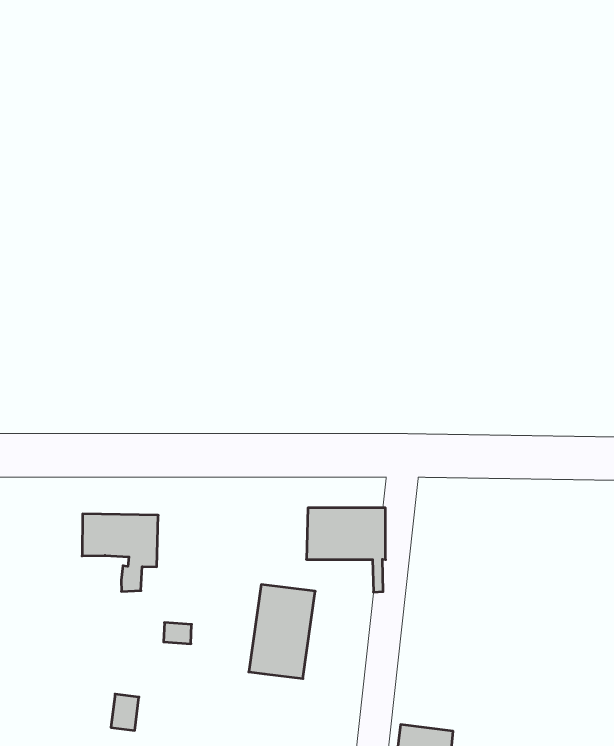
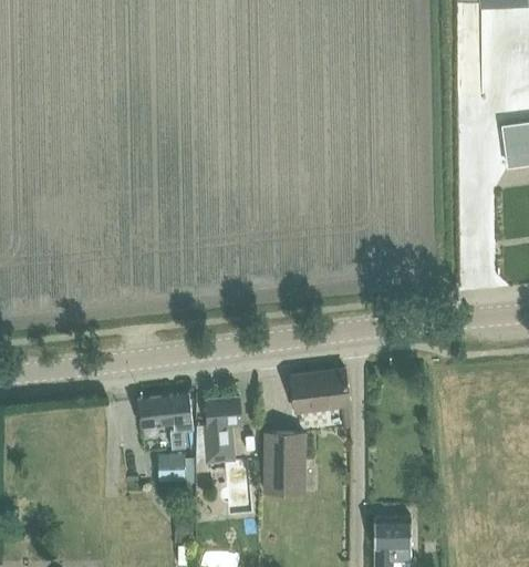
building: none -> [203,399,240,458]
building: none -> [157,454,185,483]

